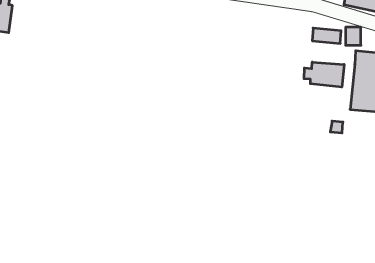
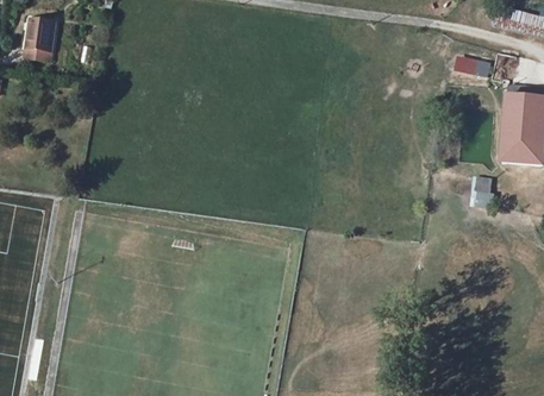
building: [304,62,344,87] -> none

